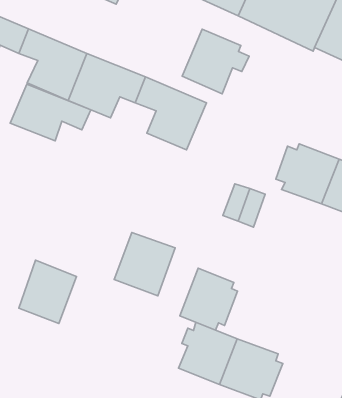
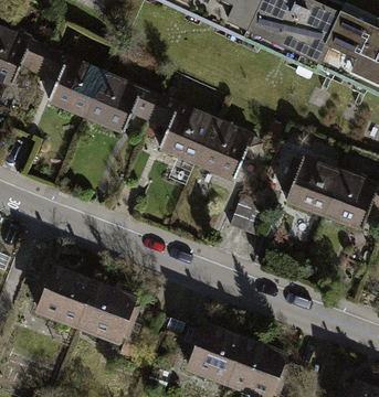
building: [182,29,249,94] -> [197,118,260,179]
building: [10,84,91,141] -> none
building: [114,233,175,296] -> [76,281,134,341]
building: [180,268,237,330] -> none

